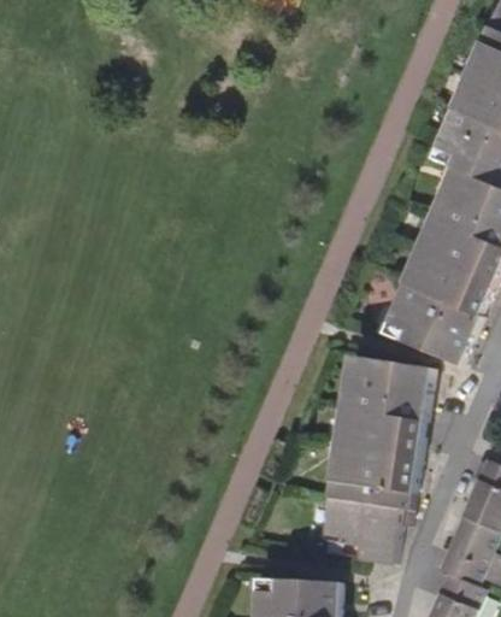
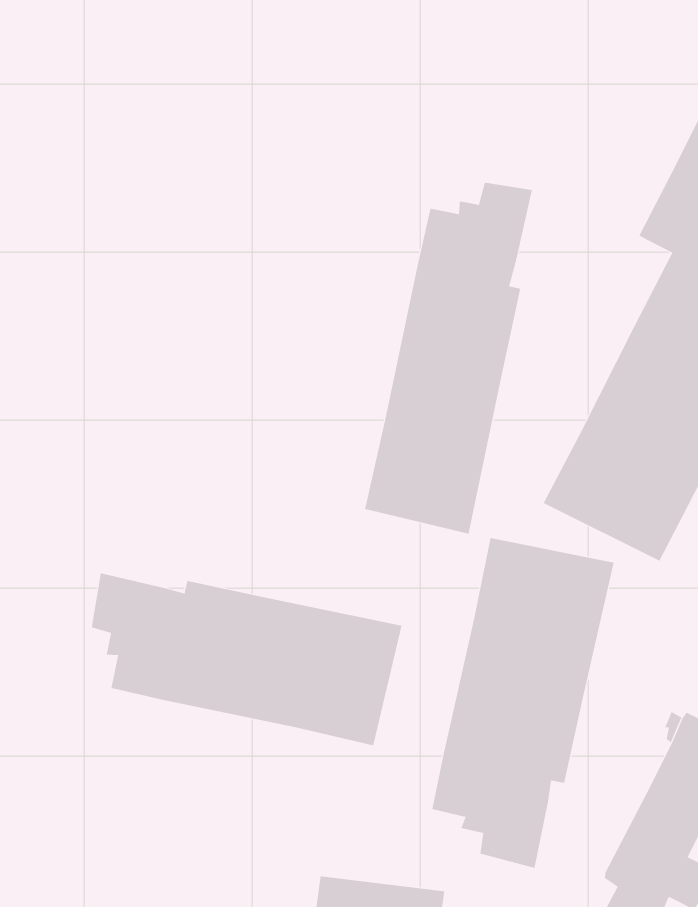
building: none -> [364,182,533,535]
building: none -> [91,573,402,746]

